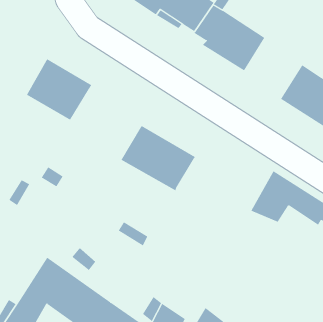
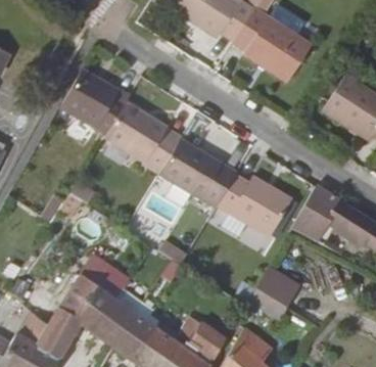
building: none -> [103,101,179,169]
building: none -> [216,173,291,235]
building: none -> [245,267,300,317]

